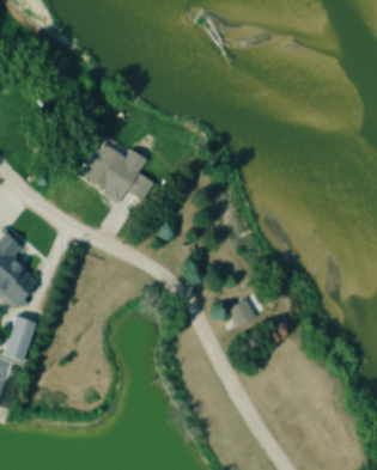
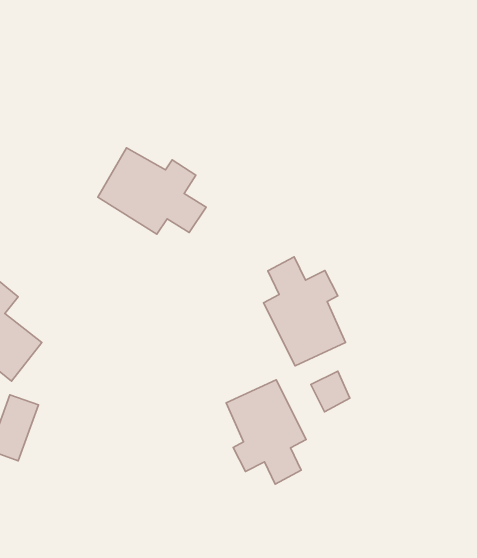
building: none -> [263,257,346,366]
building: none -> [226,380,306,484]

